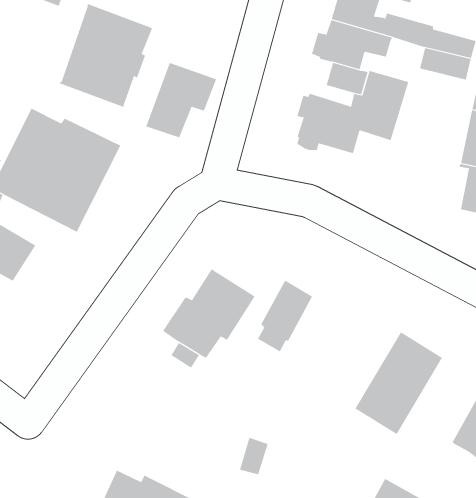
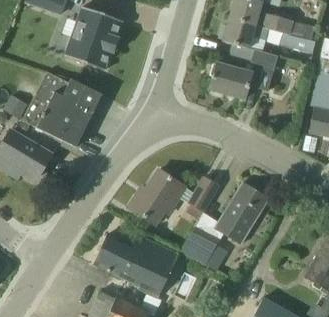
building: [145,62,217,138] -> none
building: [355,332,443,435] -> [214,182,268,245]
building: none -> [180,227,219,265]
building: none -> [93,233,177,295]

